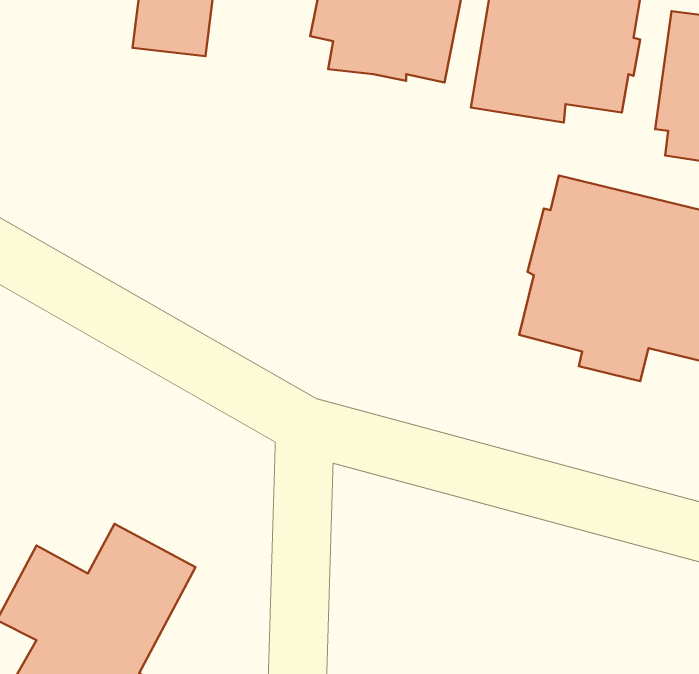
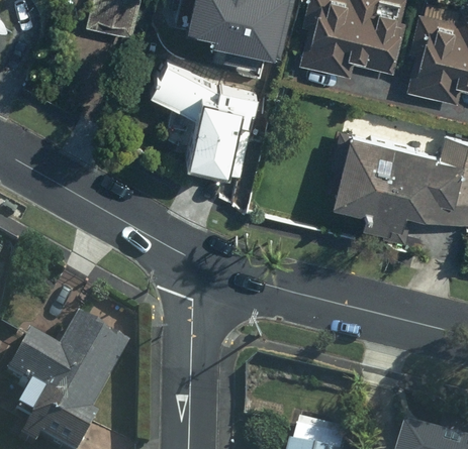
building: none -> [148,67,253,177]

